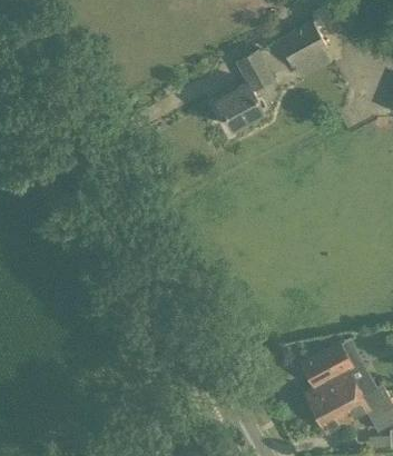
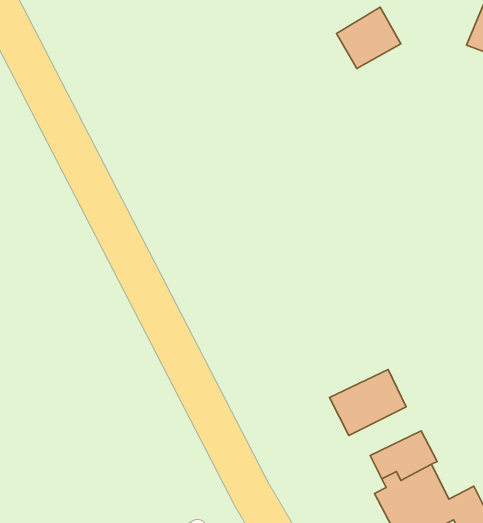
building: [216,52,275,130] -> none
building: none -> [330,370,406,436]

